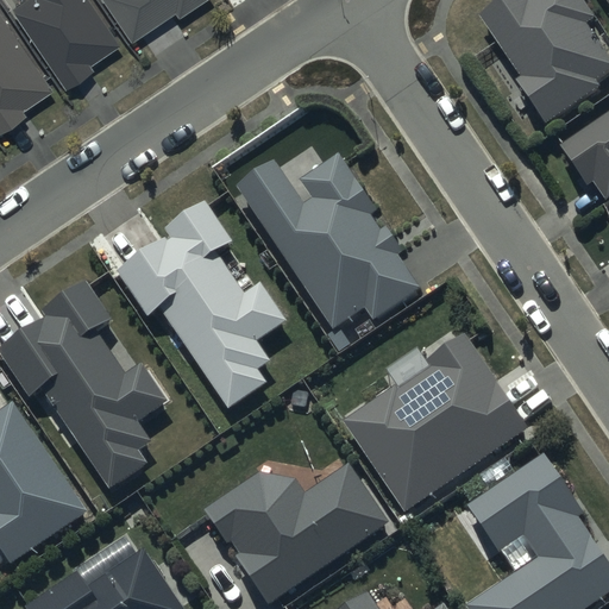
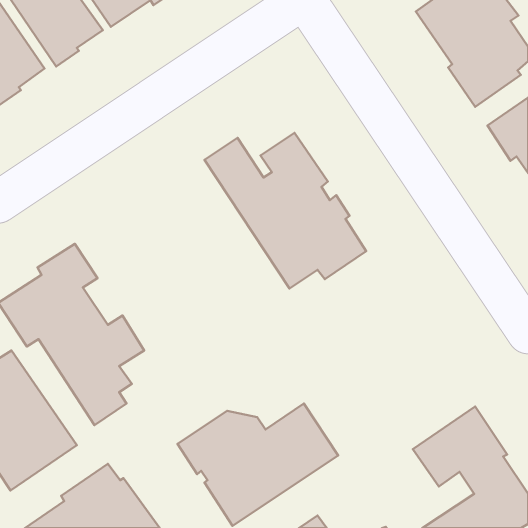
building: [115,199,287,408] -> none
building: [341,334,527,510] -> none

